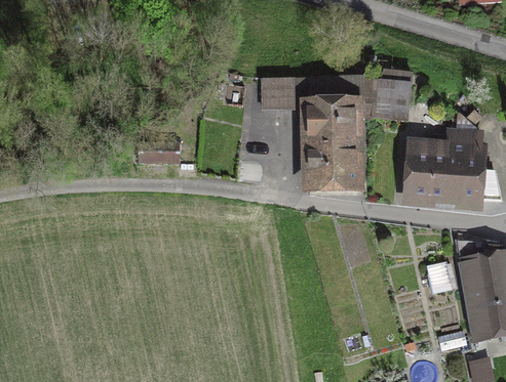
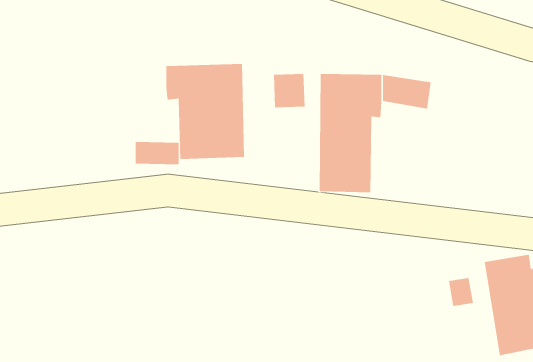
building: none -> [166,63,244,160]
building: [404,132,496,207] -> none

